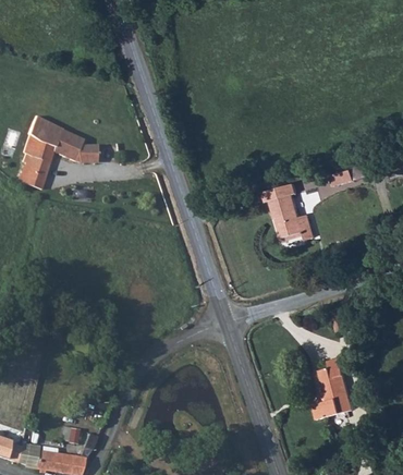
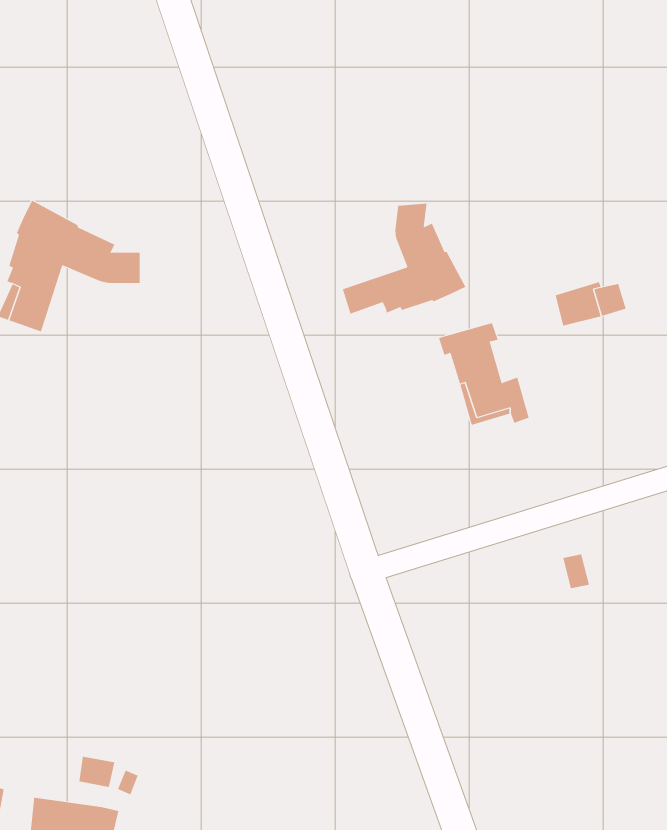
building: none -> [342,203,466,315]
building: [313,357,353,418] -> none

